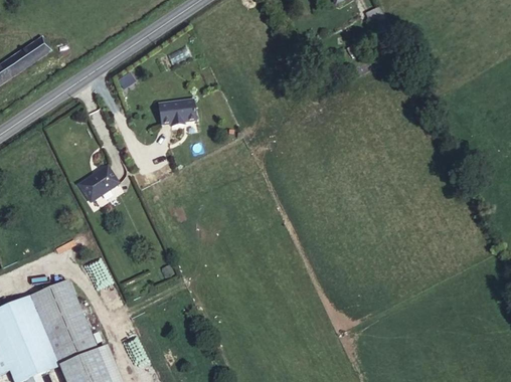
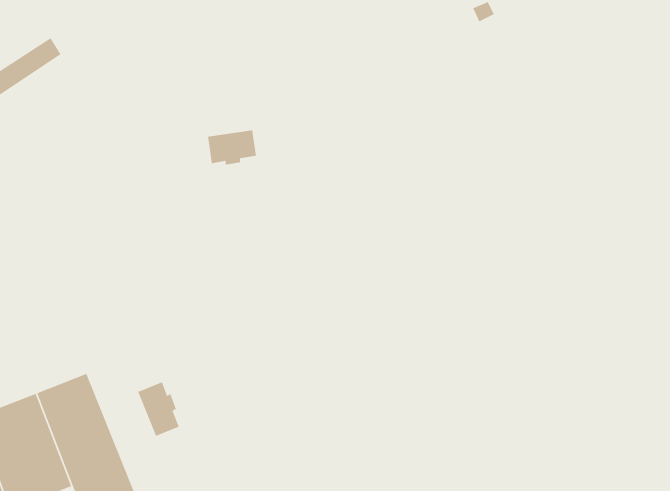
building: [82,167,123,203] -> none
building: none -> [137,381,180,437]

